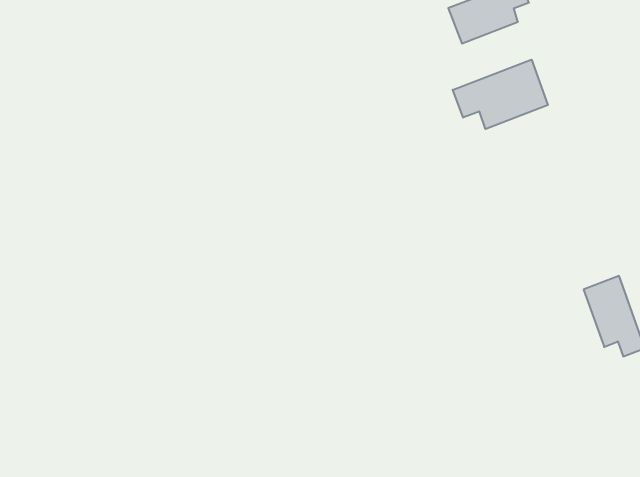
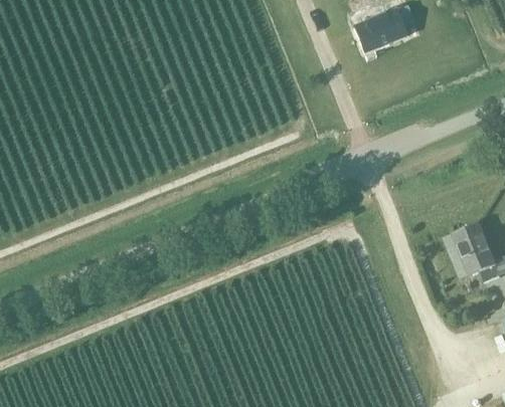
building: [453,60,548,129] -> none

